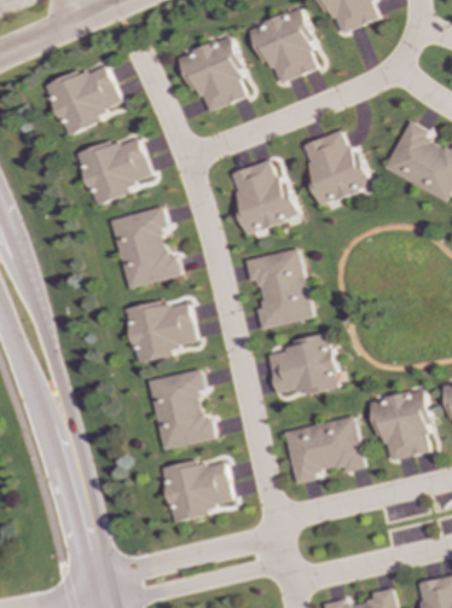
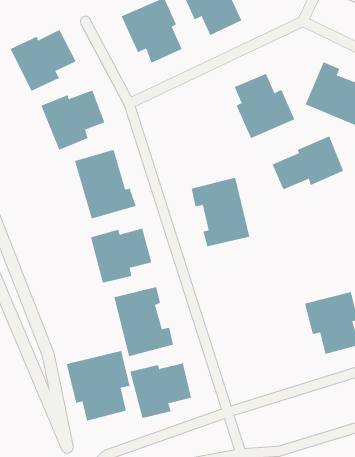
building: [227,158,294,233] -> none
building: none -> [272,136,344,190]
building: [266,336,338,395] -> none
building: [285,417,364,483] -> none
building: none -> [66,350,130,421]

